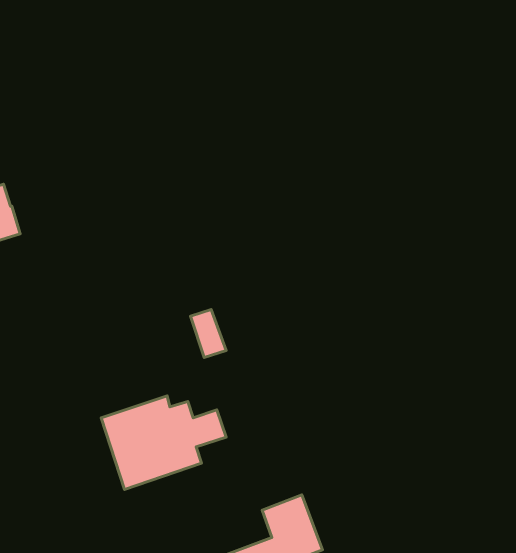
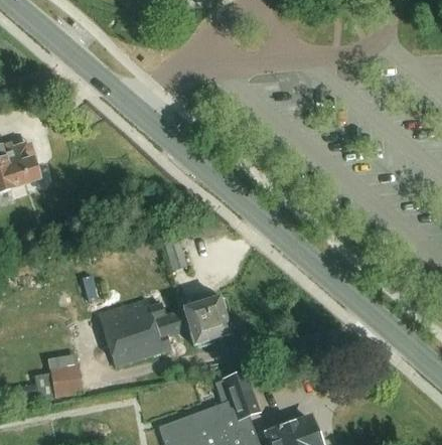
building: none -> [182,294,231,344]
building: none -> [35,352,85,401]

